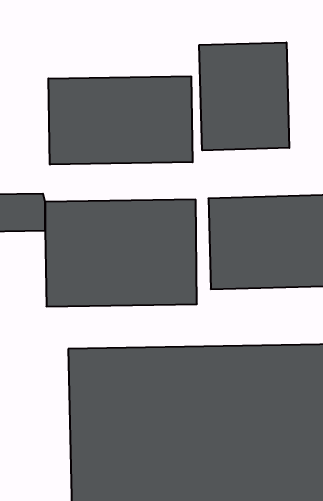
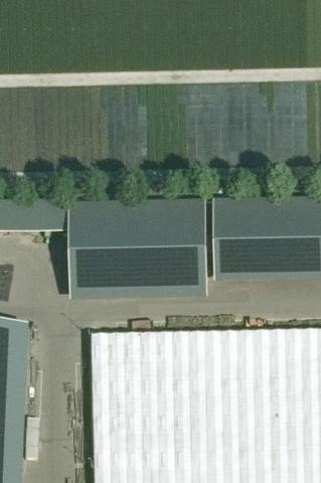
building: [199,42,289,150] -> none
building: [48,76,193,165] -> none

